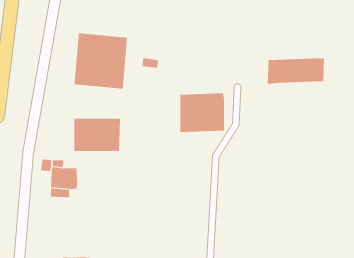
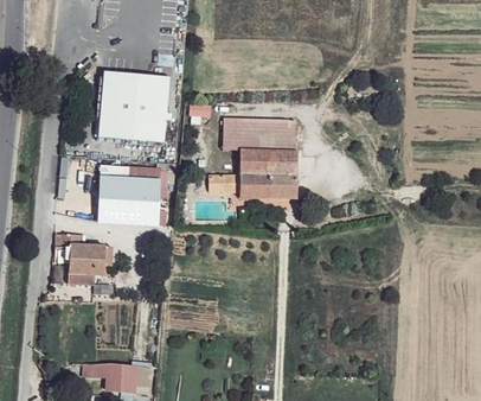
building: [267,58,325,84] -> [220,117,296,152]
building: none -> [98,165,158,182]
building: none -> [207,172,237,191]

